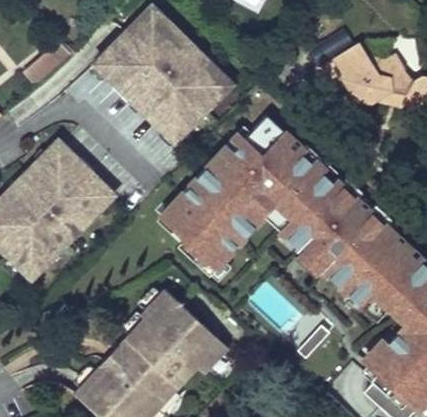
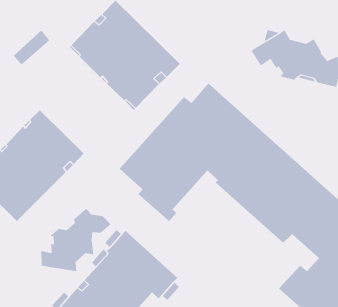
building: none -> [41,208,111,272]

